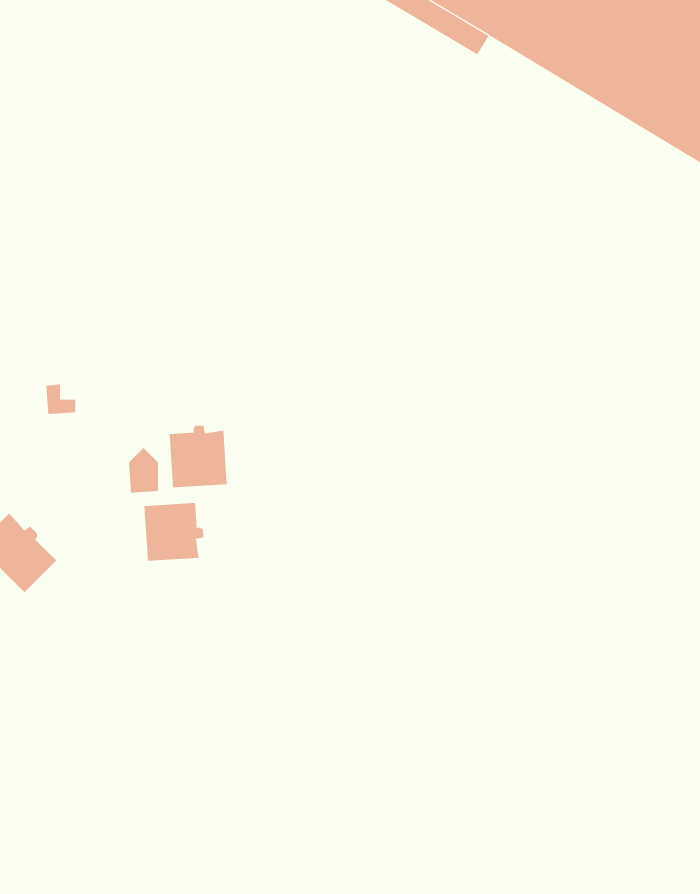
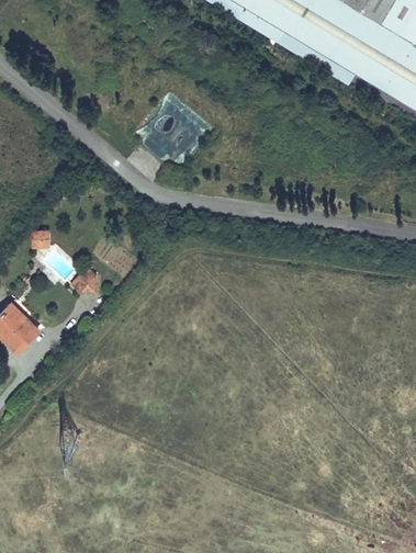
building: [169,425,227,488] -> none
building: [144,502,204,562] -> none

